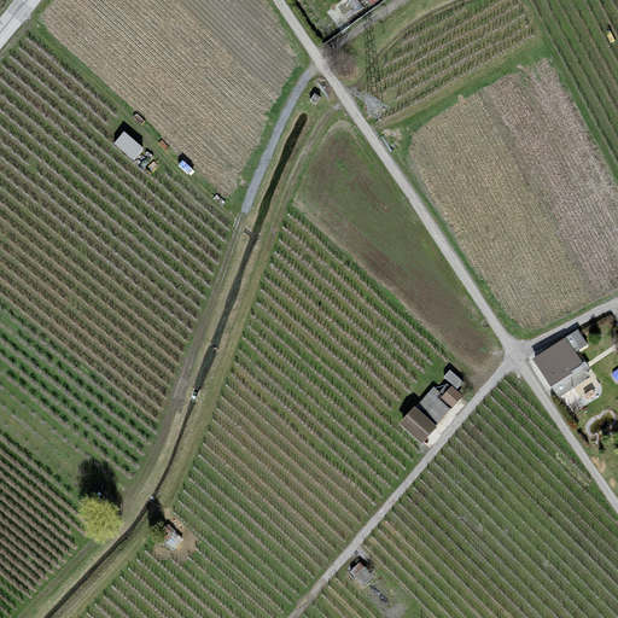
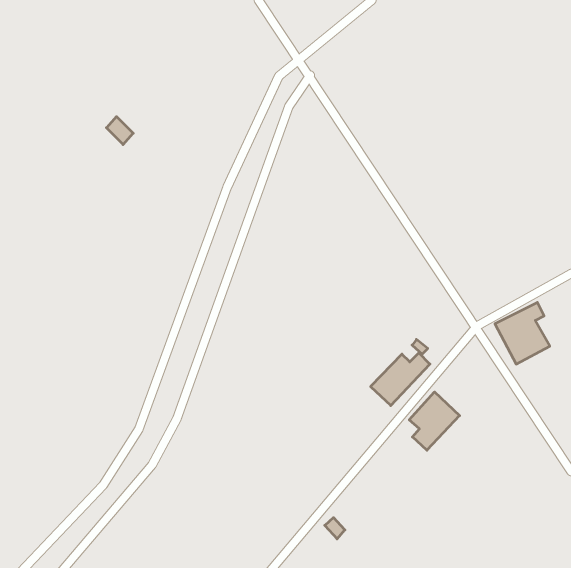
building: none -> [409,392,460,450]

